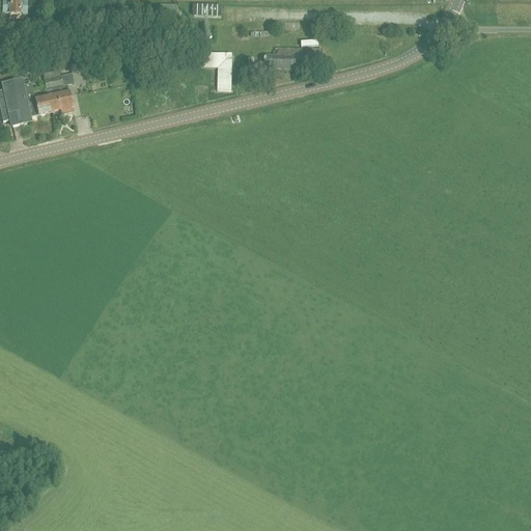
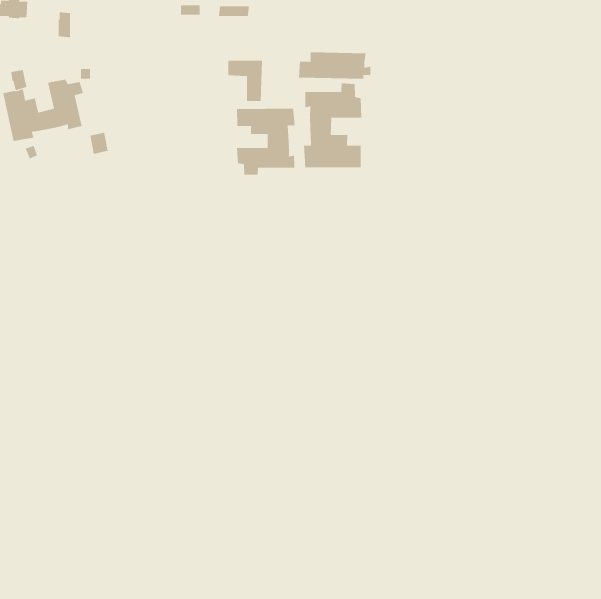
building: none -> [304,82,362,168]
building: none -> [236,108,295,176]

